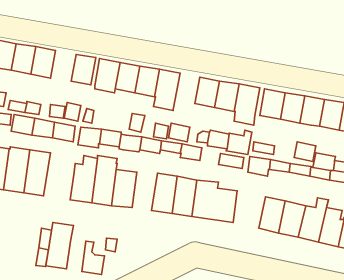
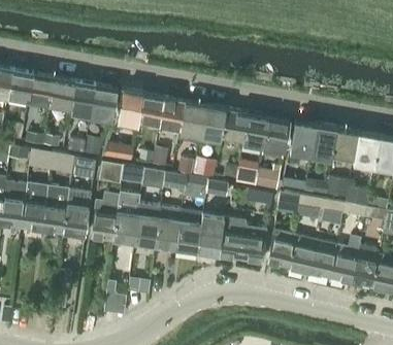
building: none -> [70,81,97,113]
building: none -> [199,105,227,146]
building: none -> [156,207,183,249]
building: none -> [267,230,296,268]
building: [46,223,74,269] -> [63,188,92,237]

